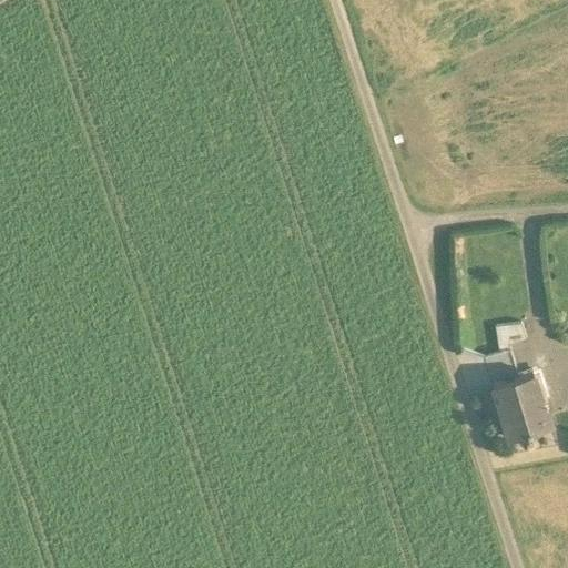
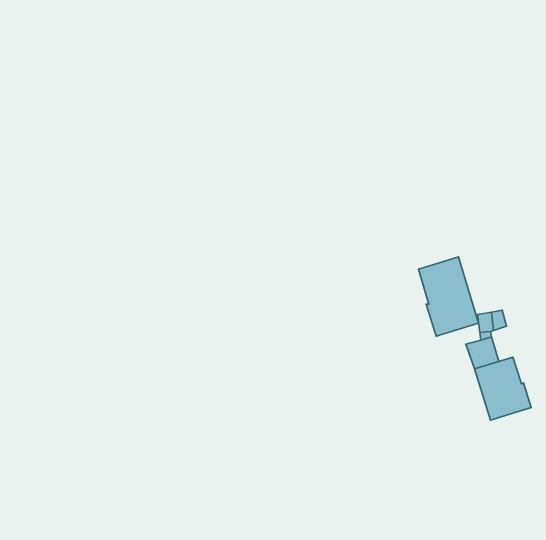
building: none -> [418,257,479,336]

